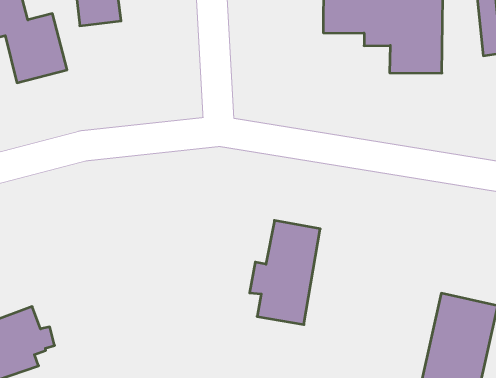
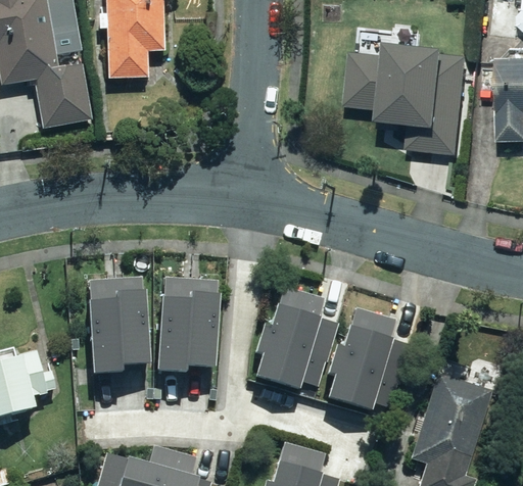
building: none -> [160,279,221,371]
building: none -> [89,279,148,372]
building: none -> [329,309,395,406]

